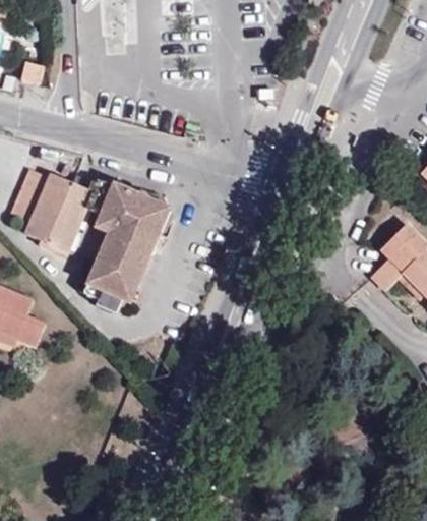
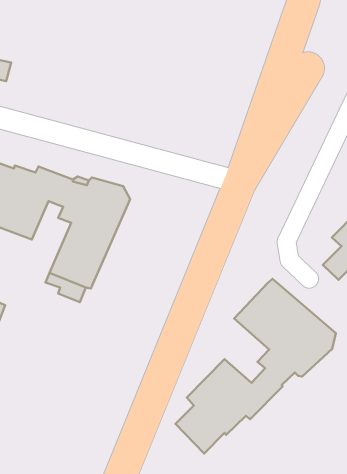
building: none -> [176,279,336,453]

